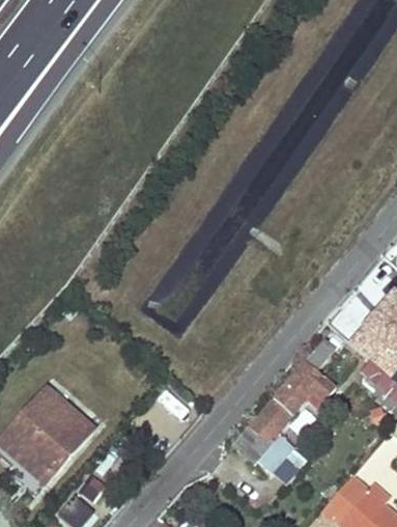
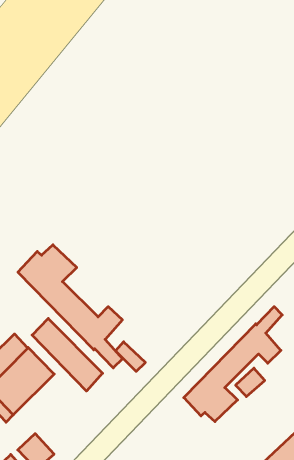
building: none -> [18,245,122,368]
building: none -> [32,318,103,391]

